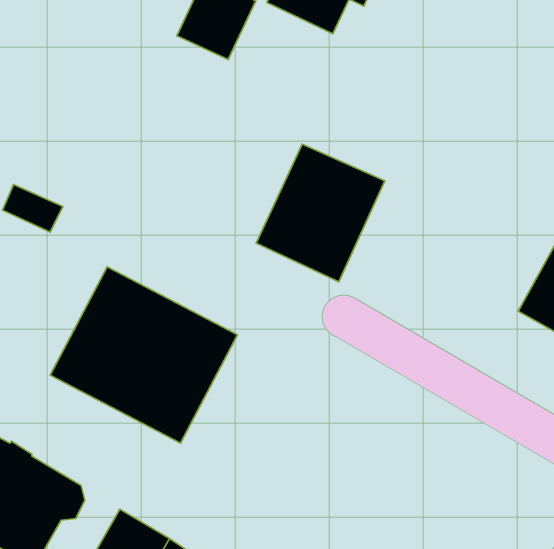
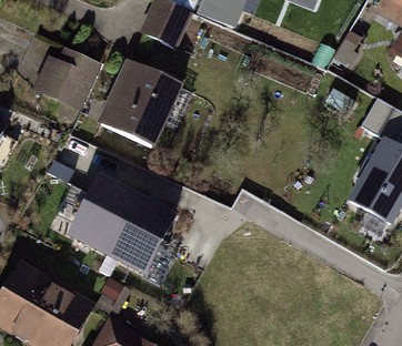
building: none -> [42,48,98,94]
building: [256,144,385,282] -> [100,61,178,144]

